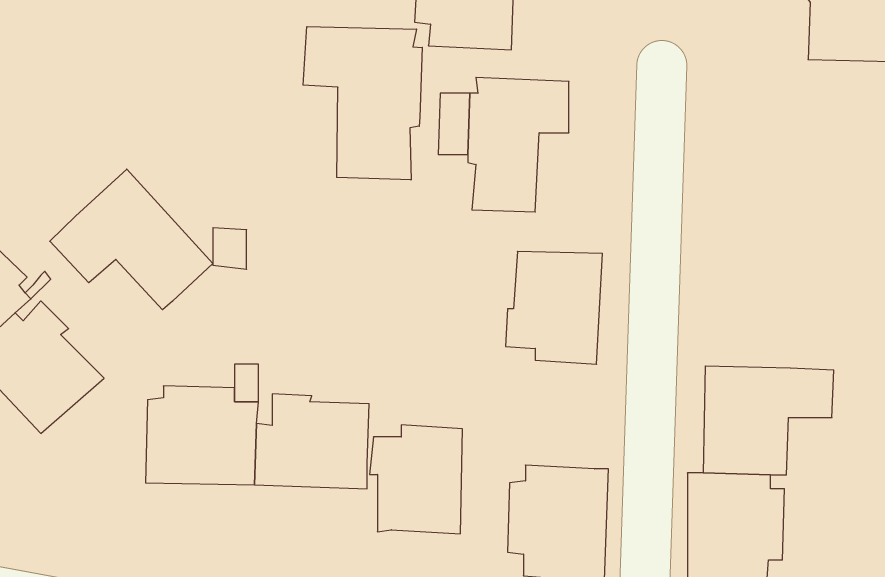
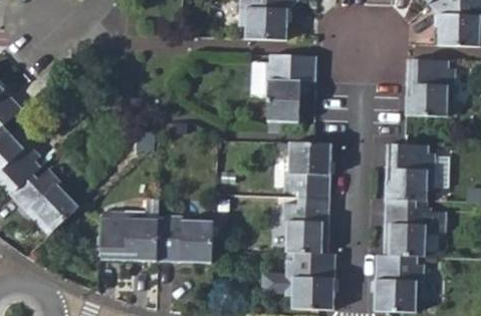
building: [303,27,422,180] -> none
building: none -> [406,60,456,117]
building: [50,169,213,310] -> none
building: none -> [385,143,436,202]
building: [370,425,462,534] -> [282,198,329,253]

